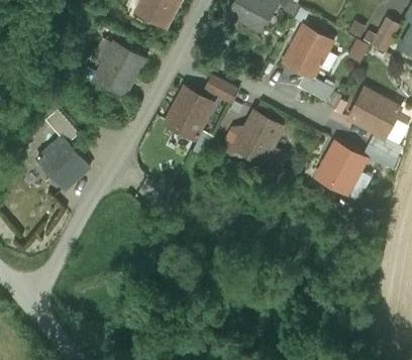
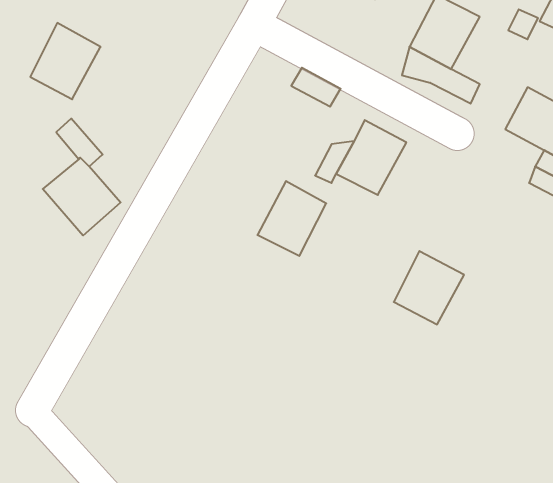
building: [95,42,142,94] -> [30,23,101,99]
building: [166,87,212,137] -> [257,181,326,256]
building: [317,142,365,192] -> [394,251,464,324]

